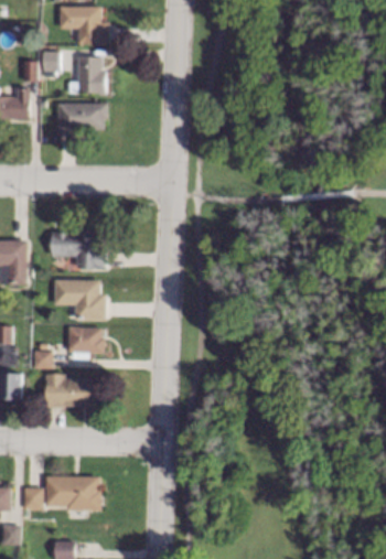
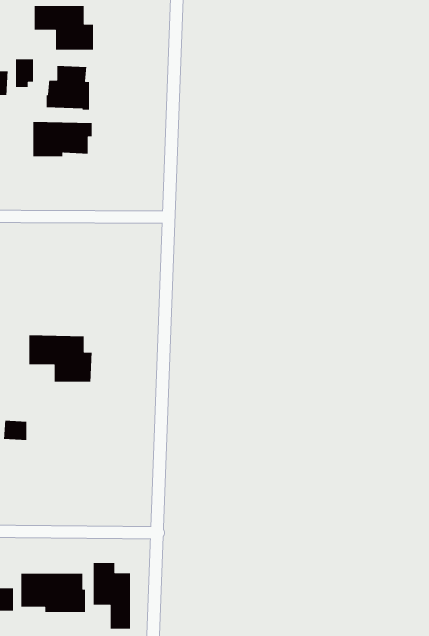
building: [52,229,106,268] -> none
building: [67,326,106,359] -> none
building: [45,374,101,408] -> none
building: none -> [93,562,131,630]

